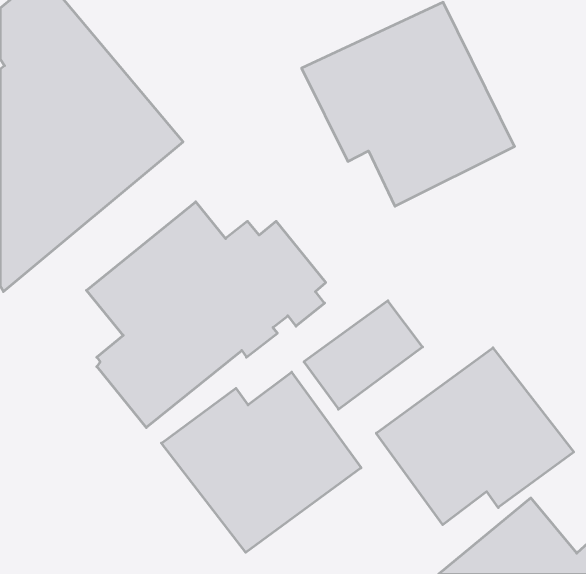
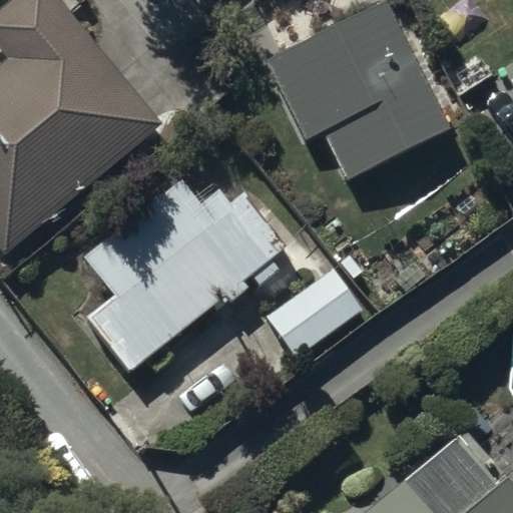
building: [376,348,574,525] -> none
building: [161,372,361,552] -> none

